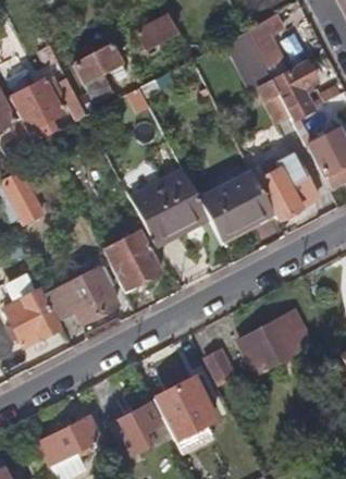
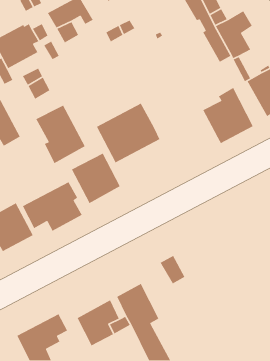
building: [201,171,274,238] -> none
building: none -> [35,104,86,164]
building: [238,309,312,376] -> none

